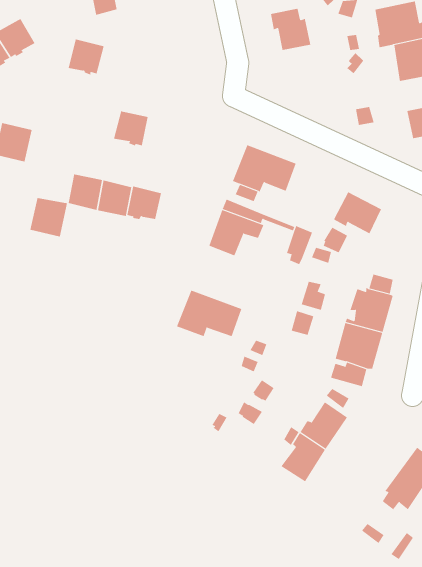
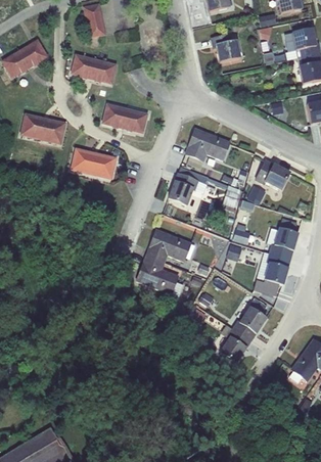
building: none -> [91,59,116,83]
building: [127,186,162,220] -> [123,108,147,132]
building: [30,197,68,237] -> [41,118,67,145]
building: none -> [137,255,184,296]

